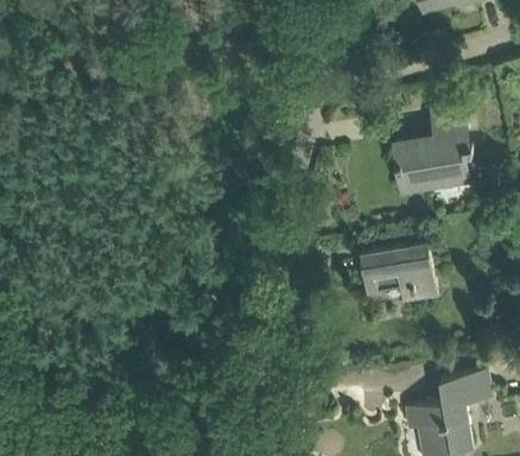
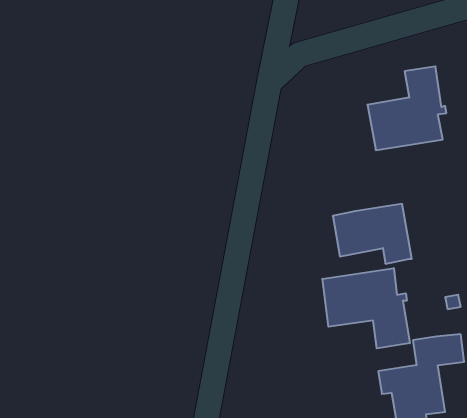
building: none -> [322,268,410,348]

